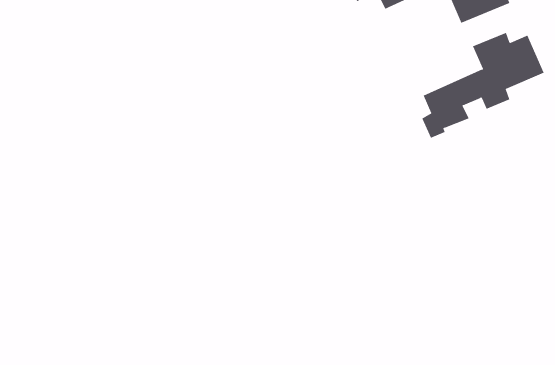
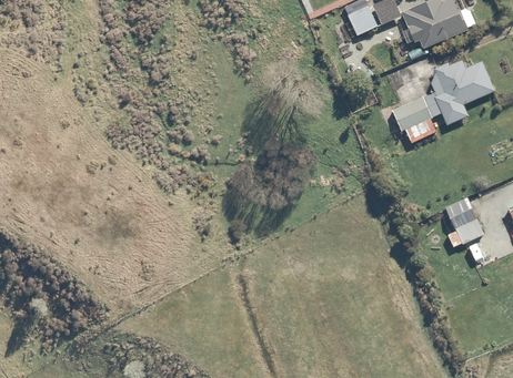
building: none -> [442,198,482,247]

